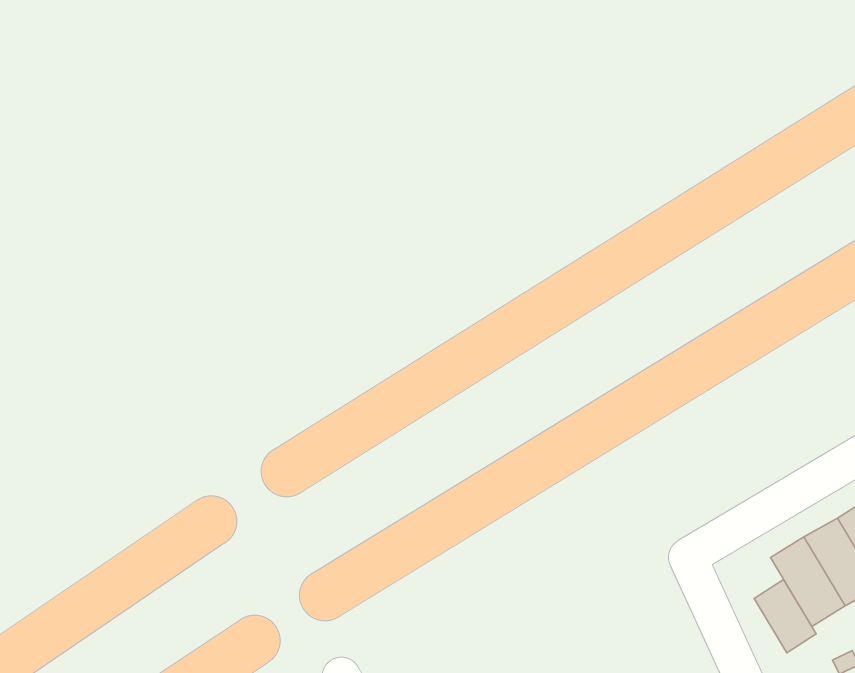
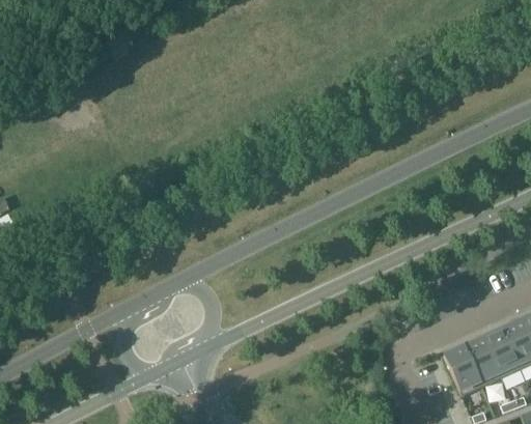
building: [754,580,816,653] -> none

